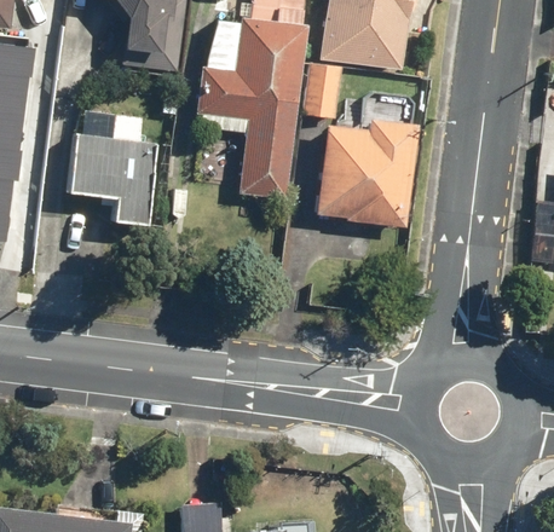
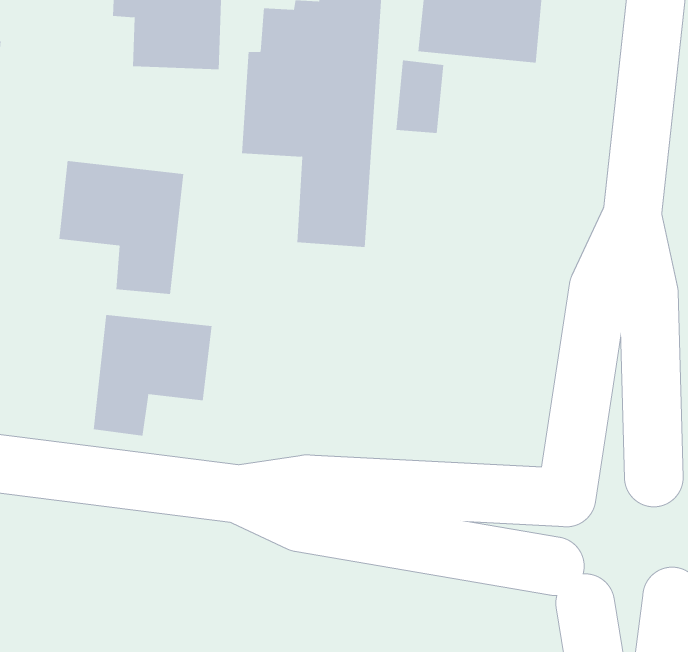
building: [323,111,421,226] -> none
building: none -> [93,314,212,436]

